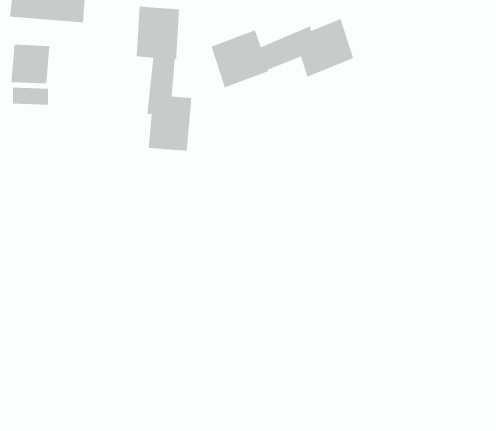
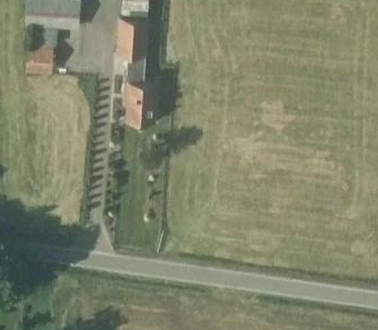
building: [211,18,354,88] -> none

